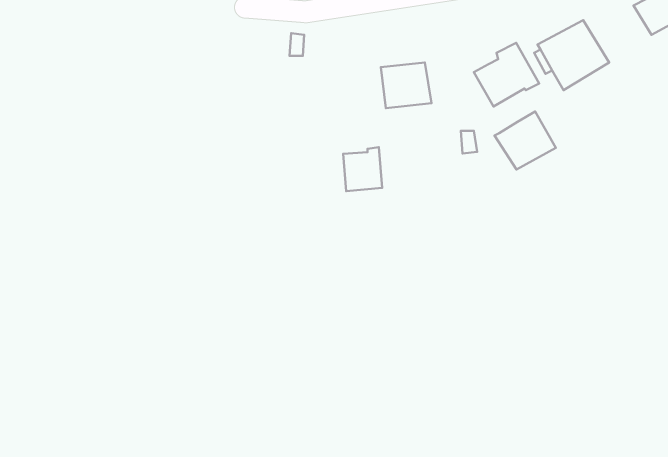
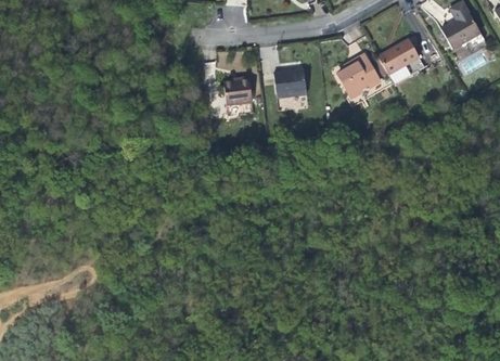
building: [494,111,556,170] -> none
building: [343,147,382,191] -> [226,73,252,102]

